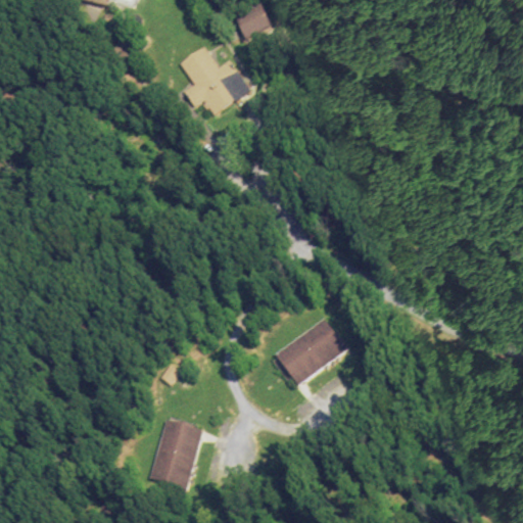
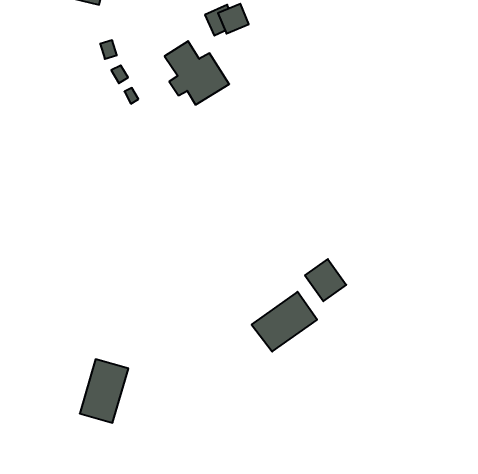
building: none -> [305,259,346,301]
building: [150,419,203,488] -> [80,359,128,423]

